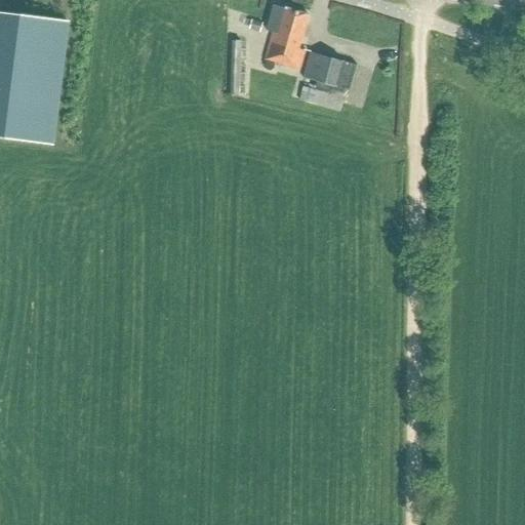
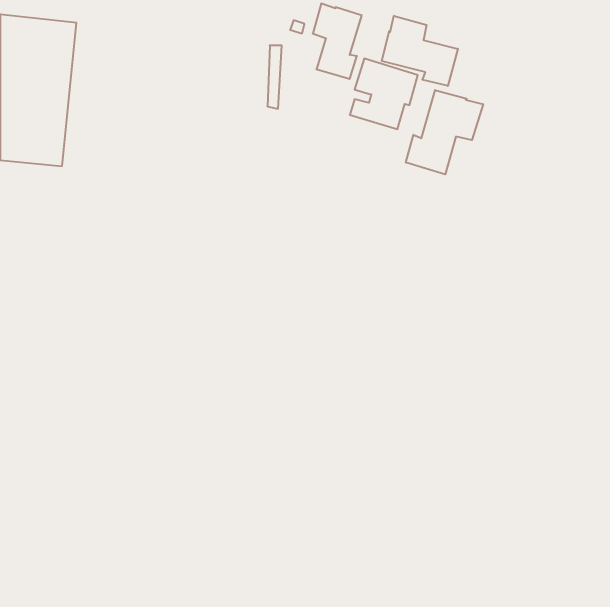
building: none -> [382,16,458,86]
building: none -> [406,90,483,174]

